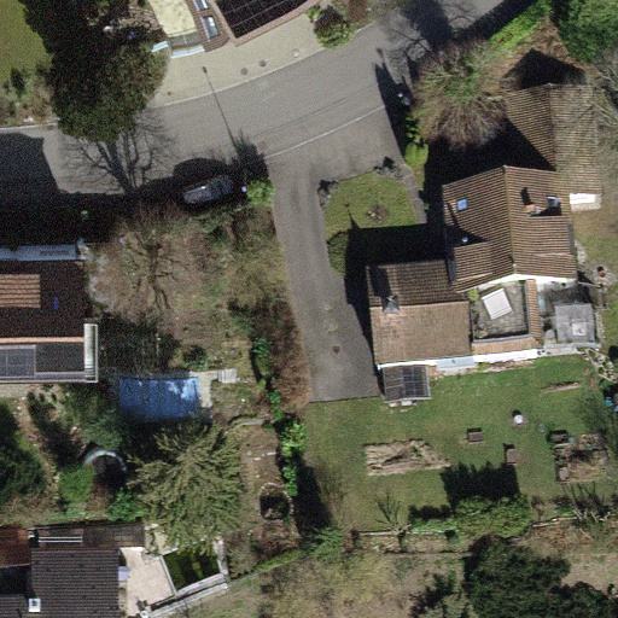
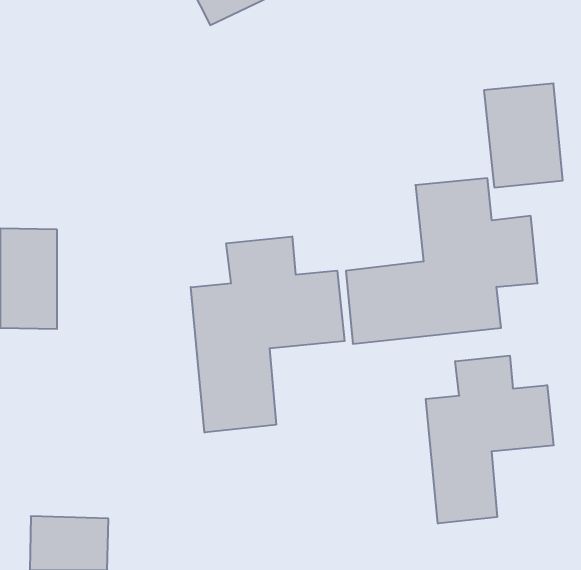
building: none -> [191,236,345,433]
building: none -> [426,356,554,524]

